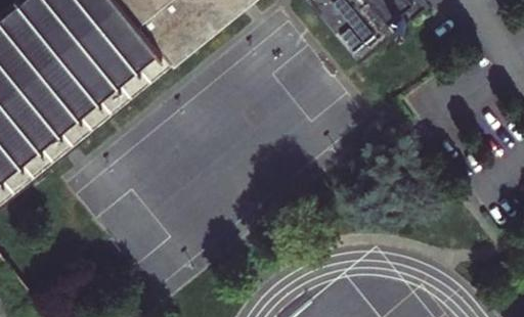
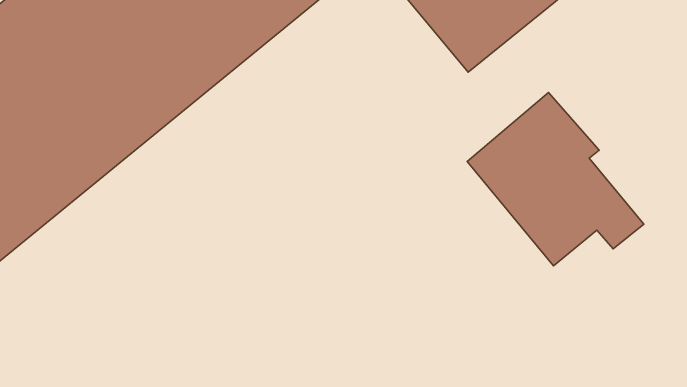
building: none -> [467,93,644,266]

